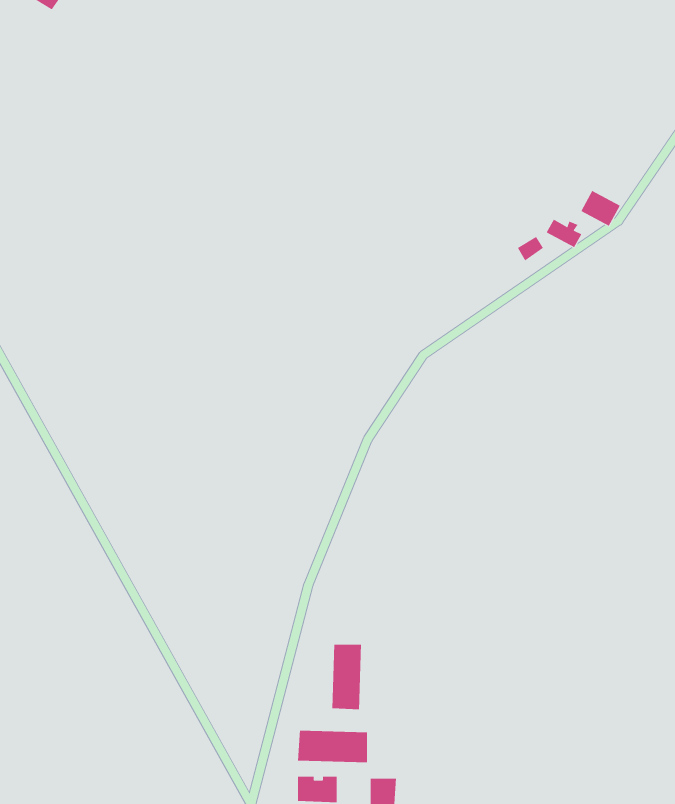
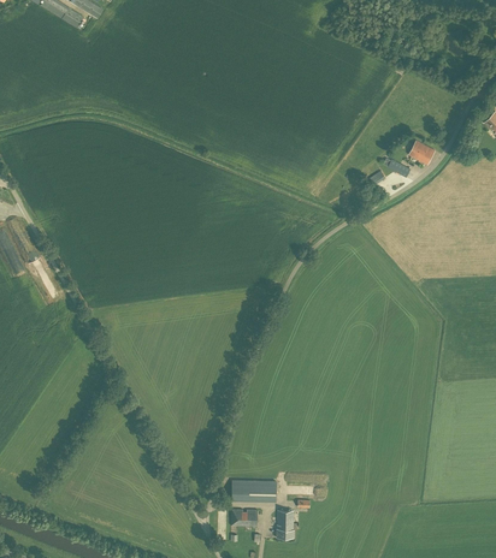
building: [332,644,361,710] -> none

